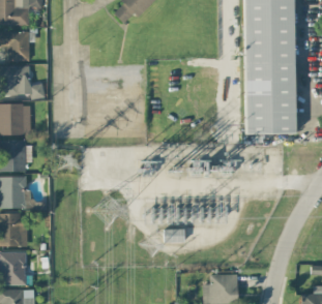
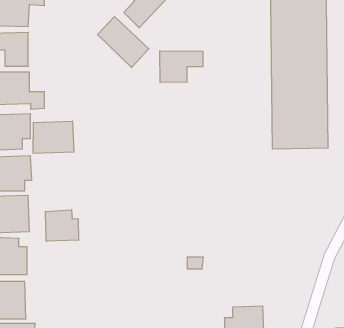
building: none -> [98,17,149,68]
building: none -> [160,51,203,83]
building: none -> [33,121,74,153]
building: none -> [45,210,78,241]

